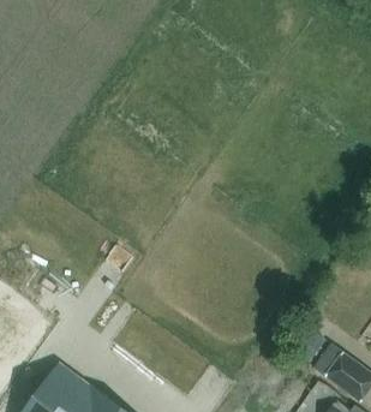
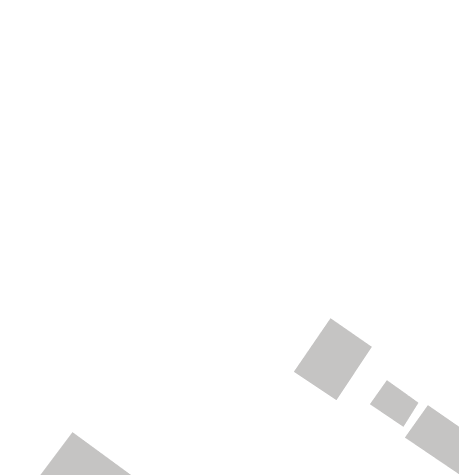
building: none -> [293,317,373,401]

